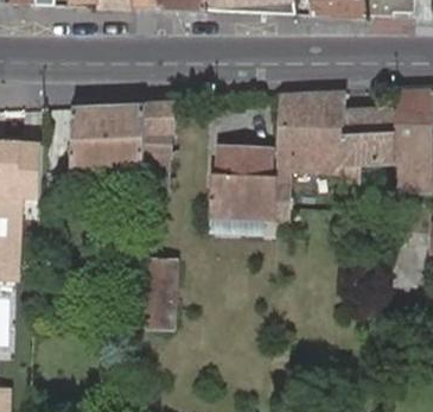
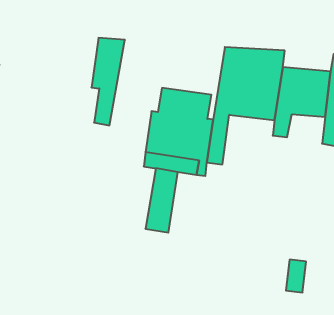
building: [68,102,141,169] -> none
building: [146,260,173,327] -> [145,168,178,233]

